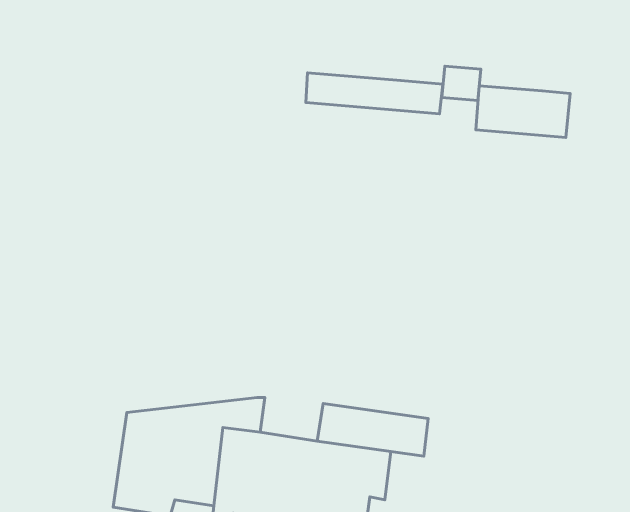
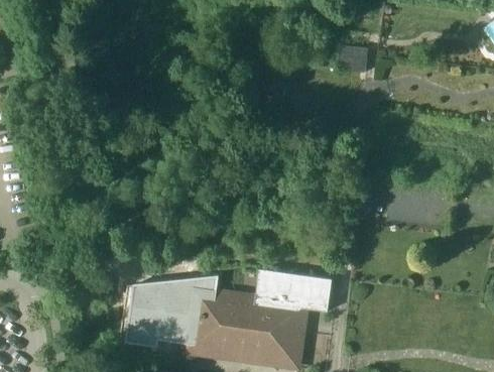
building: [306,73,443,114] -> none
building: [476,86,570,137] -> none

